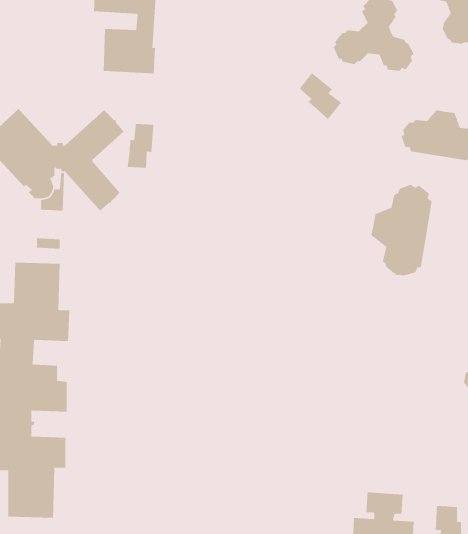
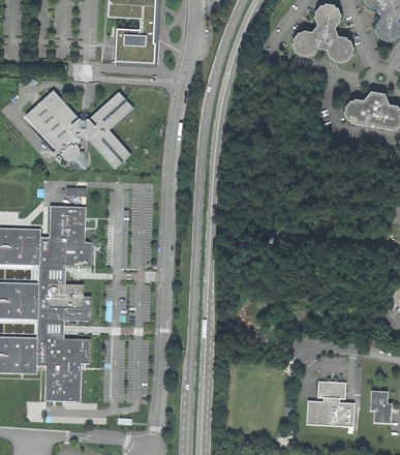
building: [299,72,342,120] -> none
building: [127,123,154,169] -> none
building: [371,184,432,277] -> none

